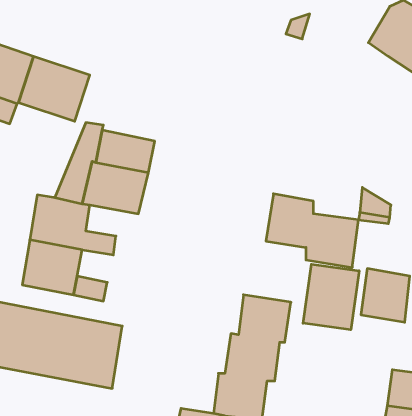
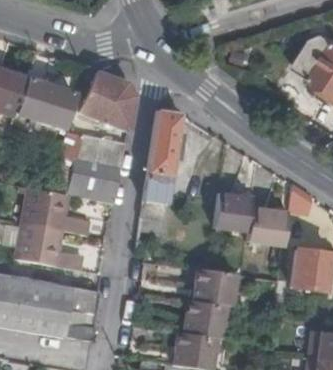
building: none -> [81,73,134,133]
building: none -> [137,109,182,230]
building: [303,264,359,330] -> none

